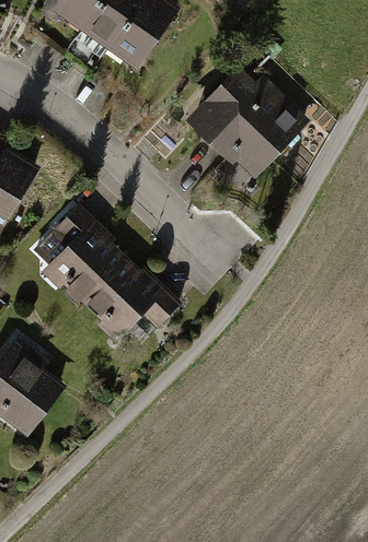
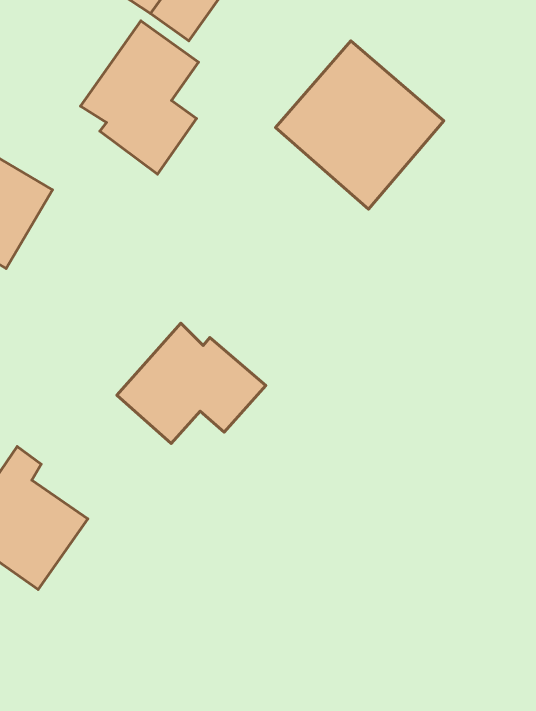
building: none -> [80,21,198,174]
building: [42,204,125,306] -> none

